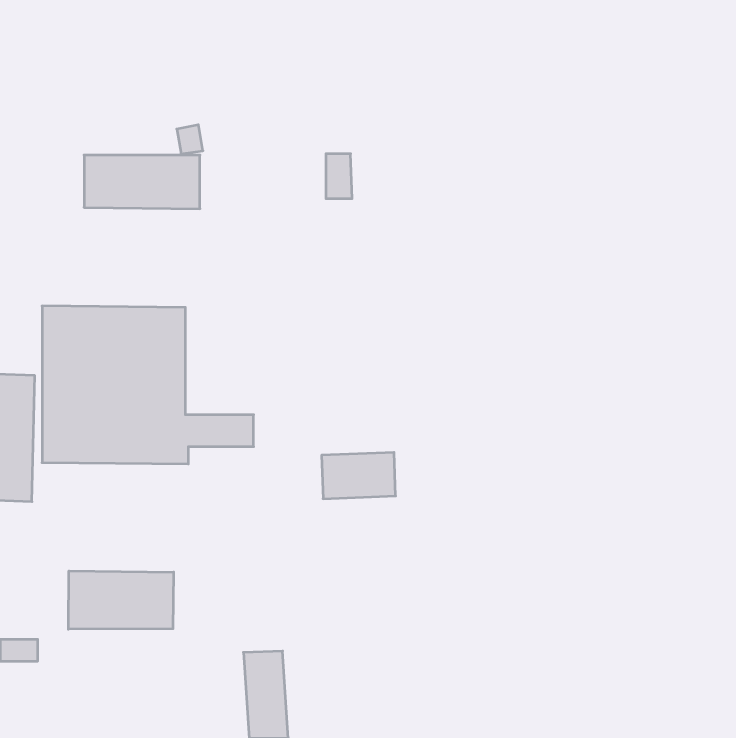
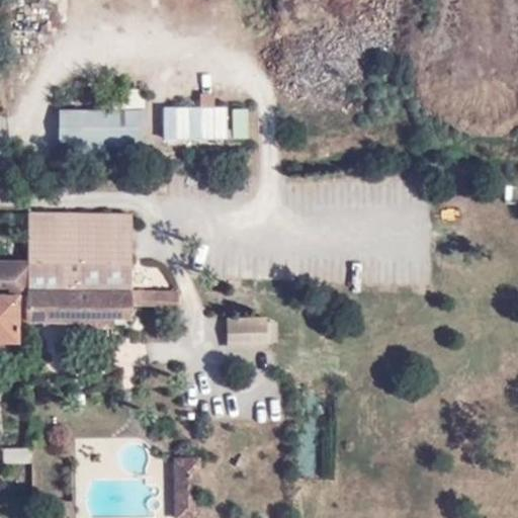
building: none -> [162,106,226,139]
building: [68,571,174,629] -> none

